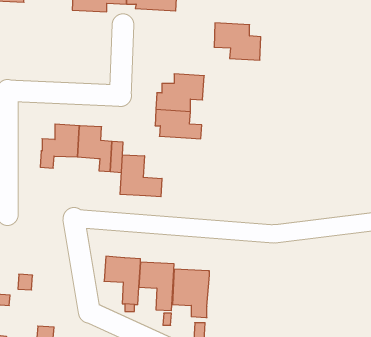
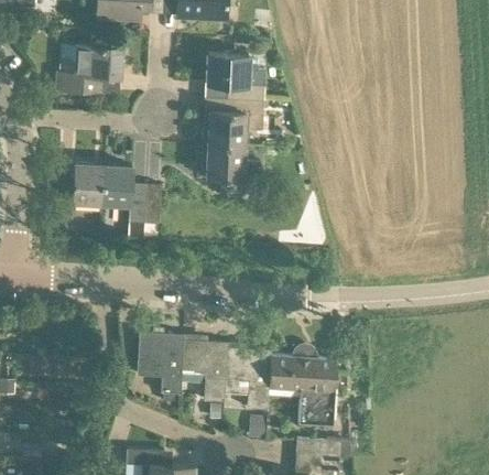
building: [214,23,261,60] -> [205,54,264,101]
building: none -> [55,46,120,94]
building: [120,155,162,197] -> none
building: none -> [267,356,336,425]

